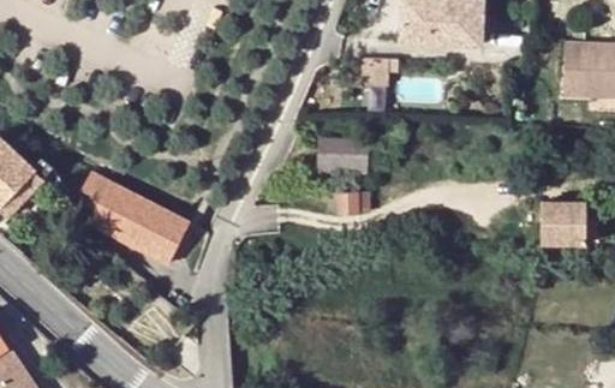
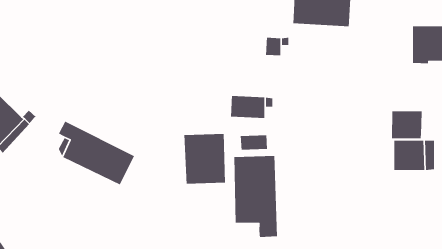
building: none -> [391,111,423,139]
building: none -> [183,133,226,184]
building: none -> [234,155,278,238]

